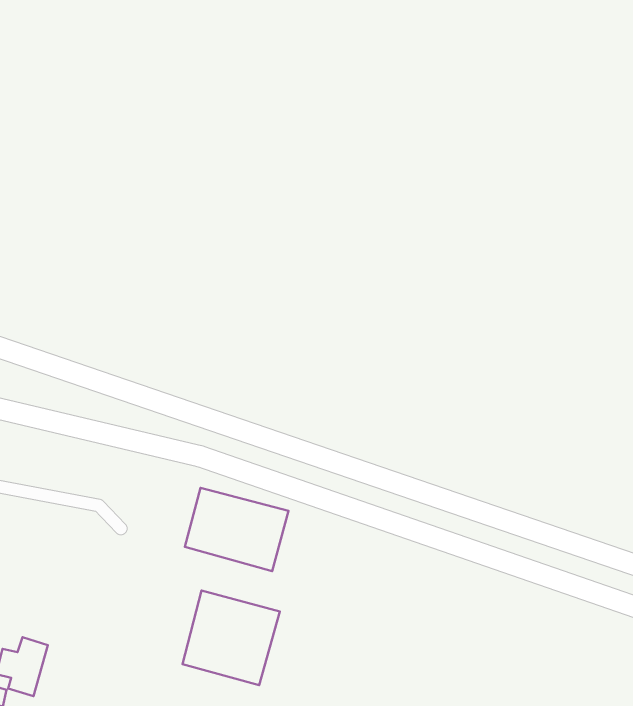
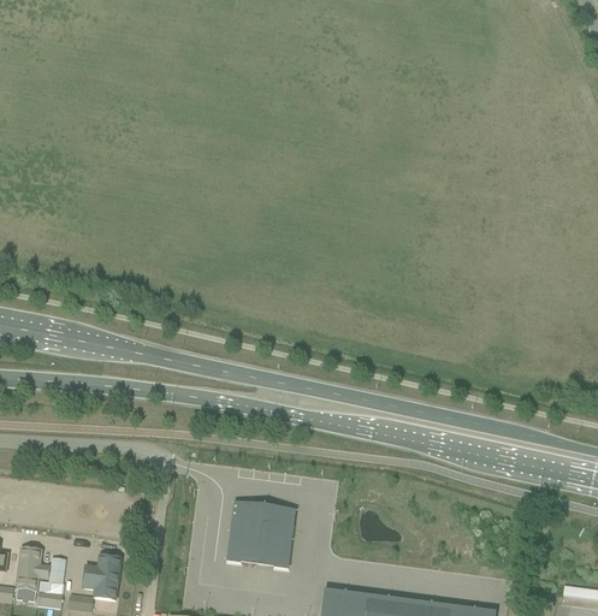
building: [185,488,288,571] -> none

